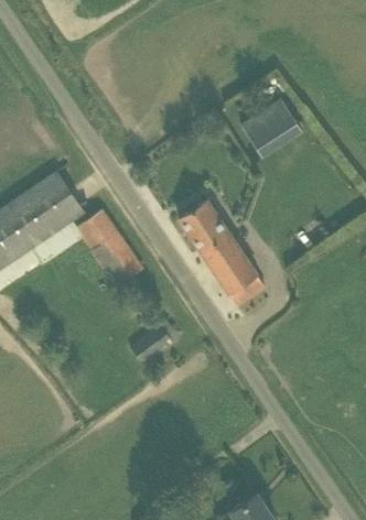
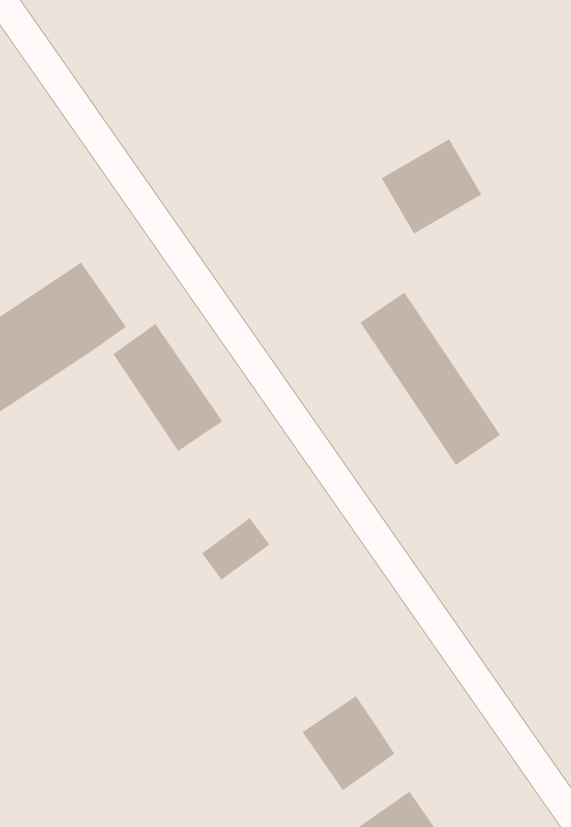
building: [179,201,265,306] -> [360,292,501,466]
building: none -> [302,695,395,791]

